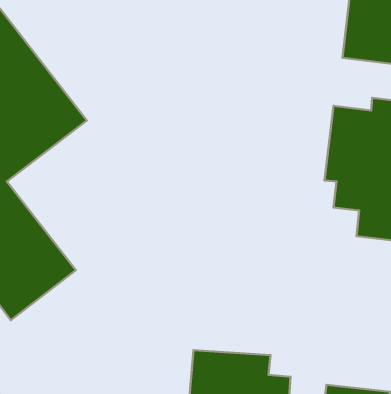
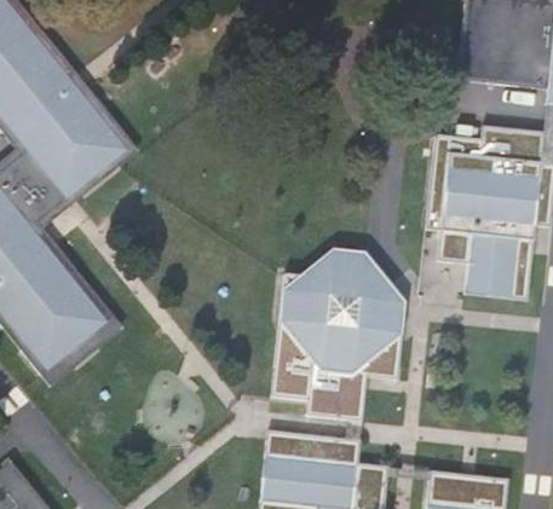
building: none -> [273,248,403,422]

